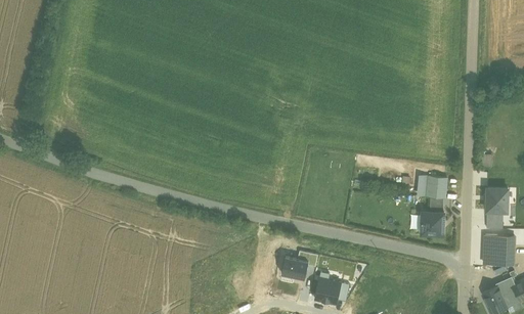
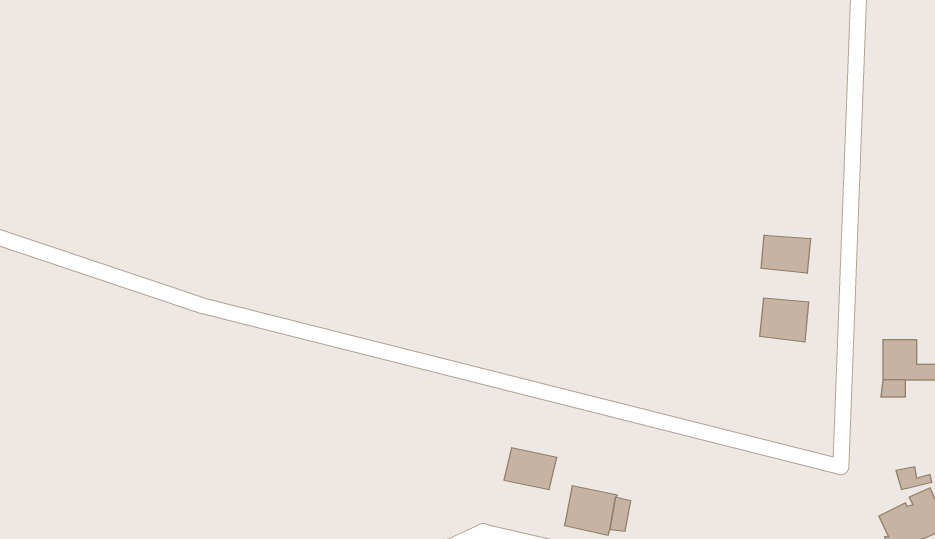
building: none -> [761,235,811,273]
building: [421,213,443,235] -> none
building: [483,235,507,265] -> none

